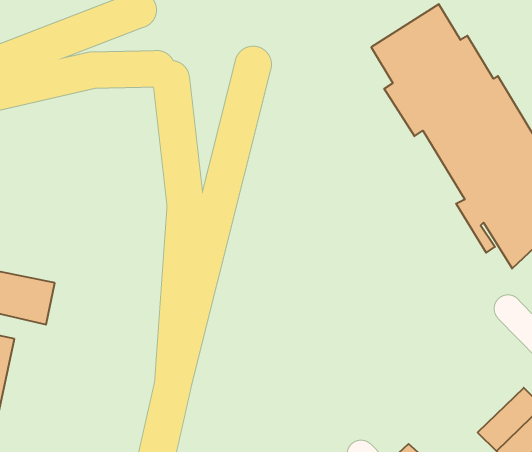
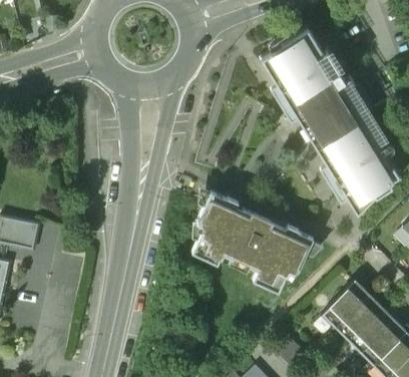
building: none -> [191,190,314,292]
building: none -> [322,282,367,326]

